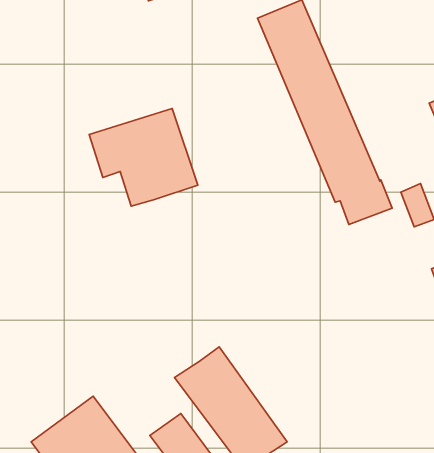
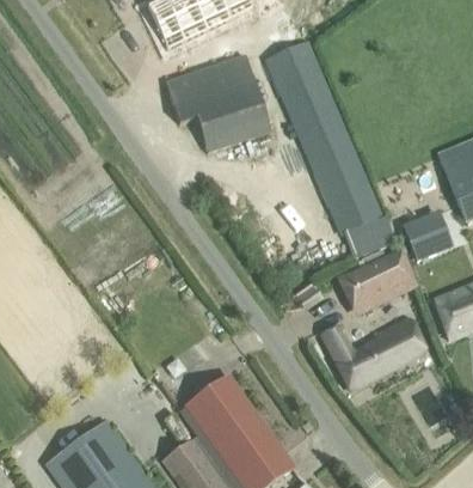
building: [89,108,198,206] -> [166,56,271,151]
building: none -> [339,252,416,315]
building: none -> [322,323,419,389]

